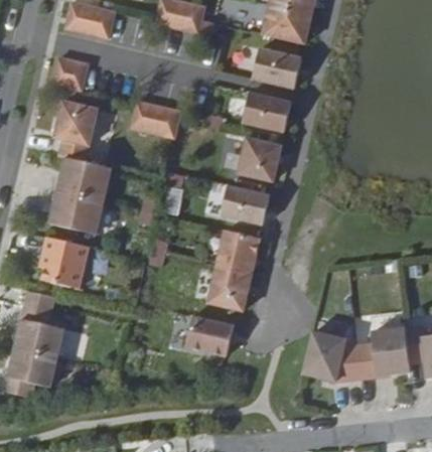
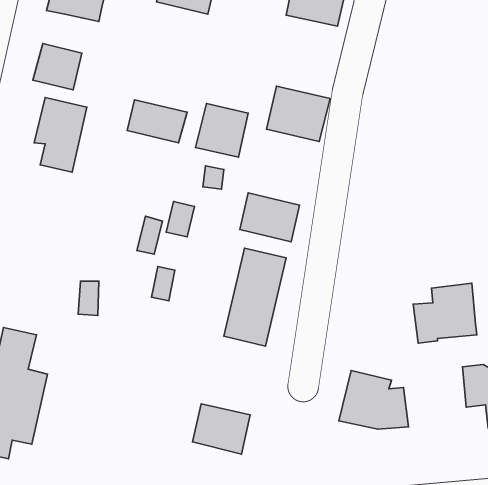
building: [251,50,299,90] -> none
building: [237,134,280,178] -> [196,103,248,157]
building: [48,159,110,236] -> none
building: [38,239,87,289] -> none
building: [186,311,234,352] -> [193,404,250,454]
building: [356,324,409,373] -> [413,283,477,343]

